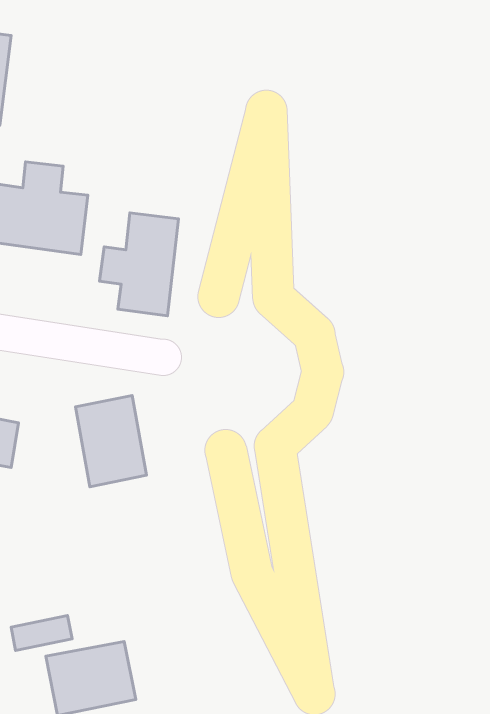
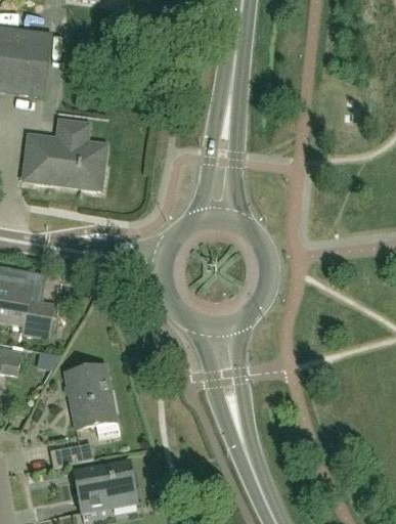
building: [99,213,179,316] -> none
building: [75,395,147,487] -> [65,365,116,430]

